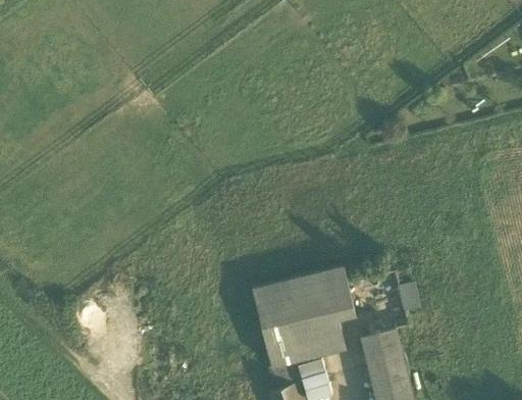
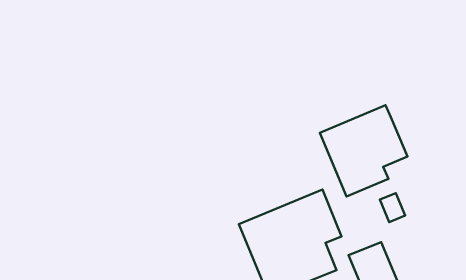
building: none -> [320,105,408,197]

